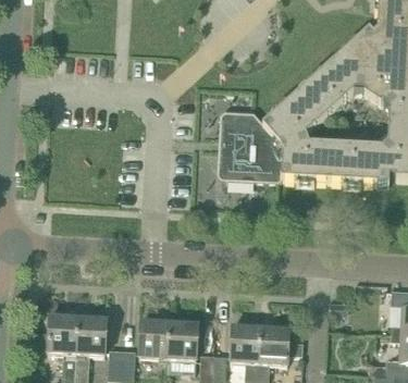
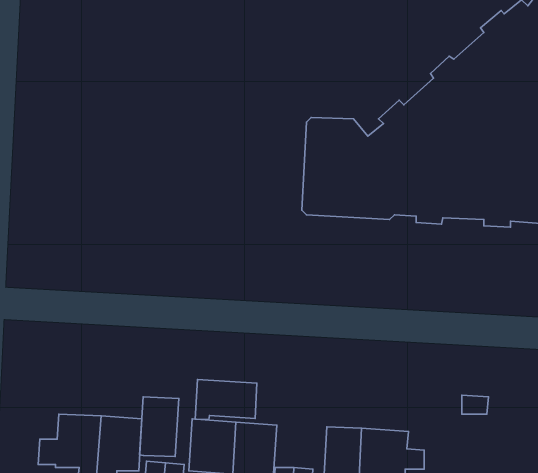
building: none -> [195,379,257,420]
building: none -> [140,397,179,456]

